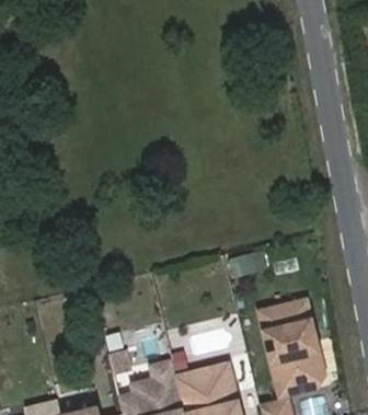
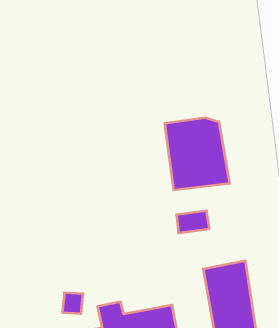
building: none -> [165,118,229,190]

